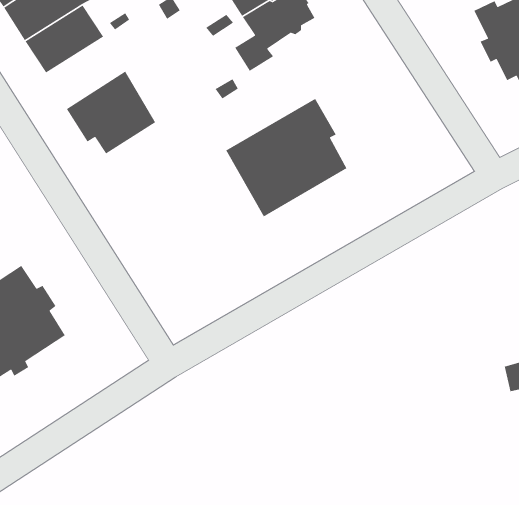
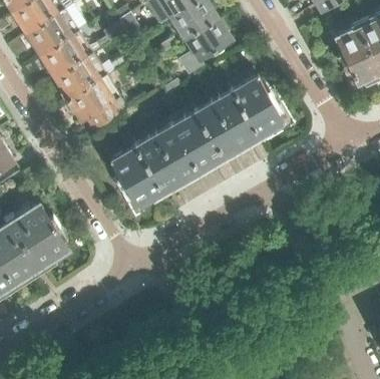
building: none -> [55,54,124,102]
building: none -> [232,75,284,140]
building: none -> [109,128,198,208]

